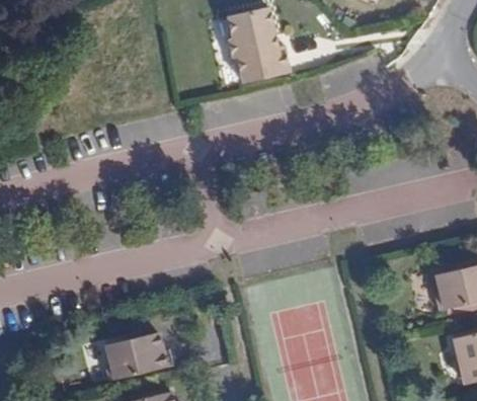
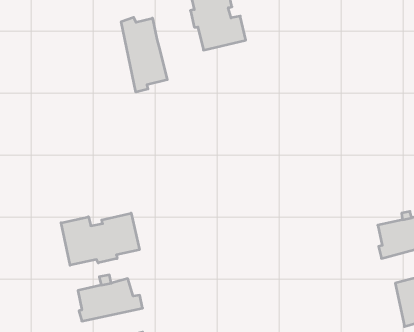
building: none -> [121,17,167,92]
building: none -> [61,213,139,265]

